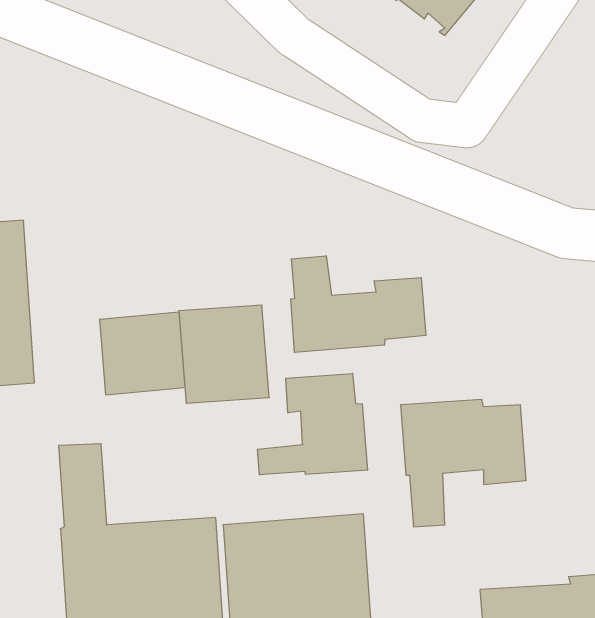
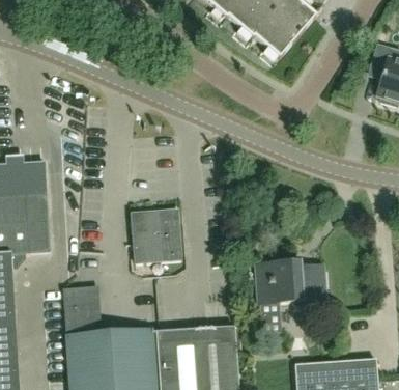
building: [291,256,426,353] -> none
building: [100,312,185,395] -> none
building: [257,373,367,475] -> none

